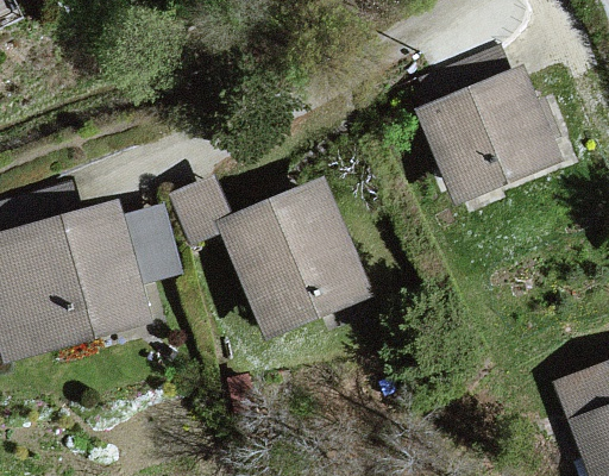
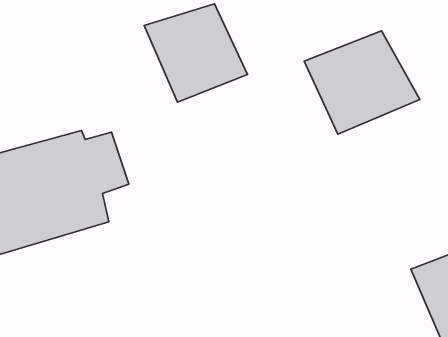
building: none -> [144,4,247,102]
building: [216,177,377,337] -> none

